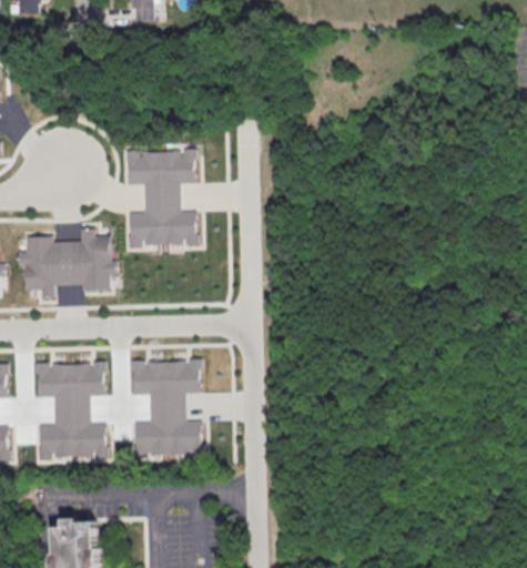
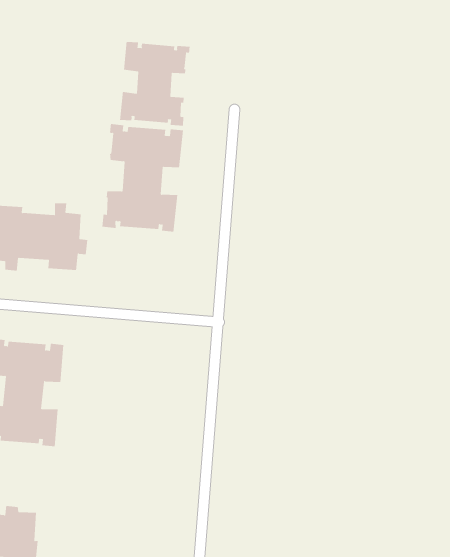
building: none -> [120,41,190,126]
building: [131,358,202,457] -> none

